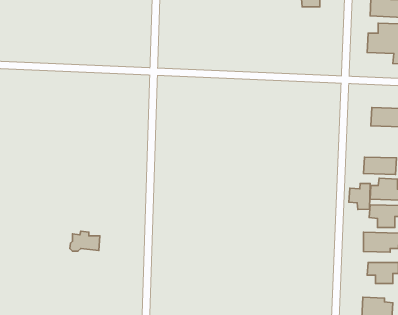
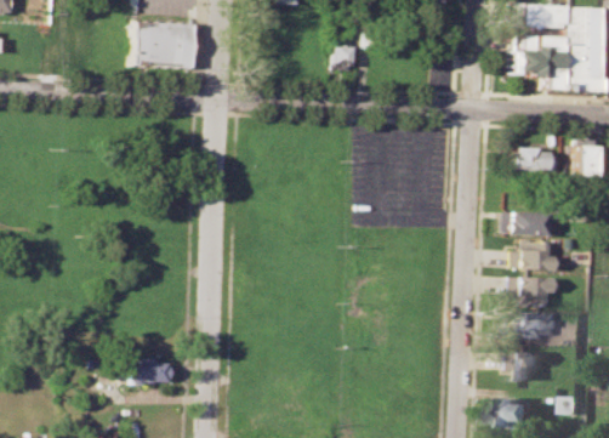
building: none -> [141,22,201,68]
building: none -> [337,44,360,73]
building: [349,183,370,209] -> none
building: [70,231,100,251] -> [133,357,173,383]

